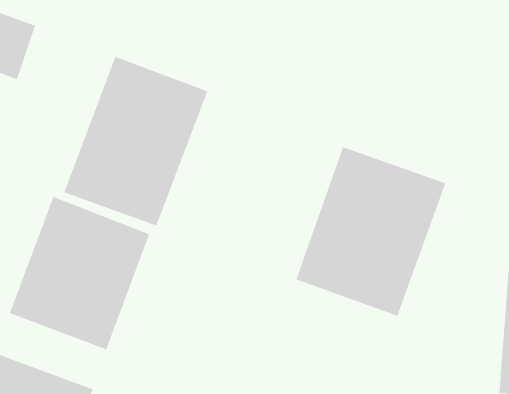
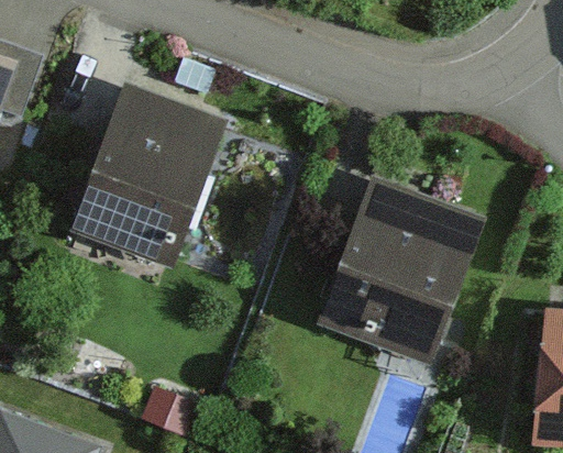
building: [9,196,150,350] -> none

